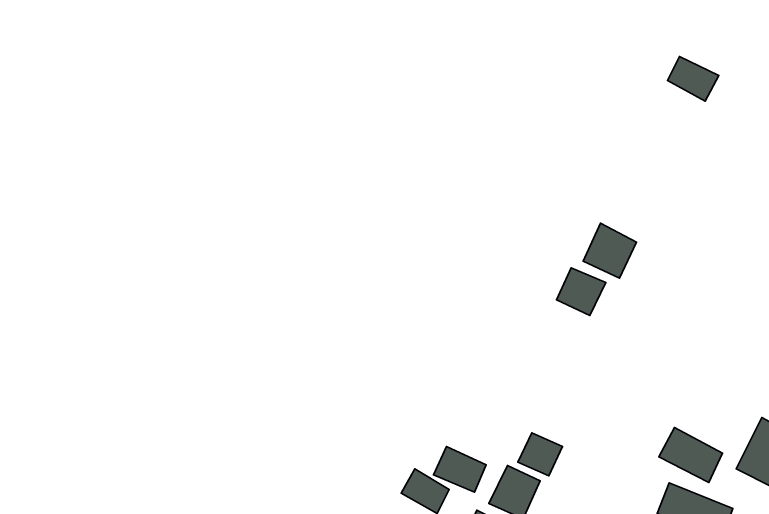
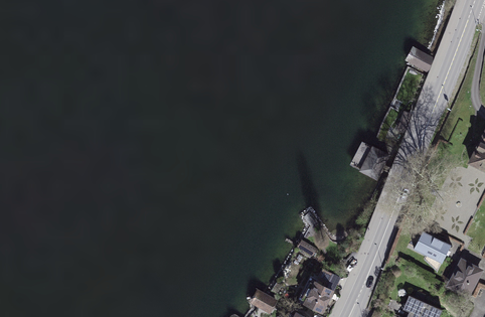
building: [557,268,606,316] -> none
building: [659,427,722,482] -> [413,228,450,261]
building: [434,447,486,492] -> none

